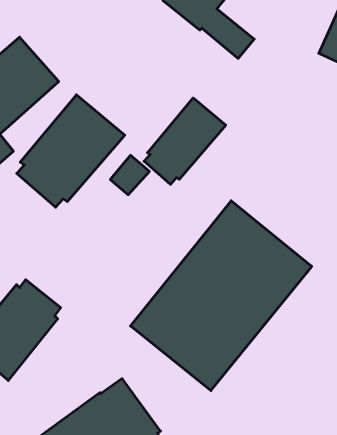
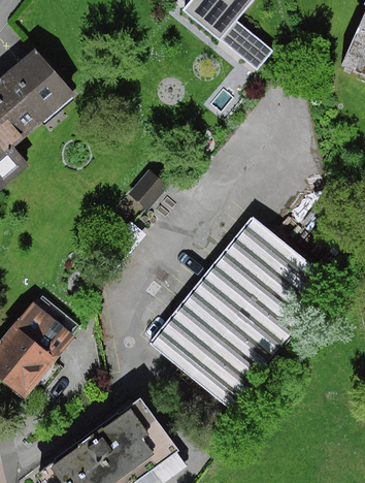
building: [17,95,125,207] -> none
building: [144,98,226,184] -> none

